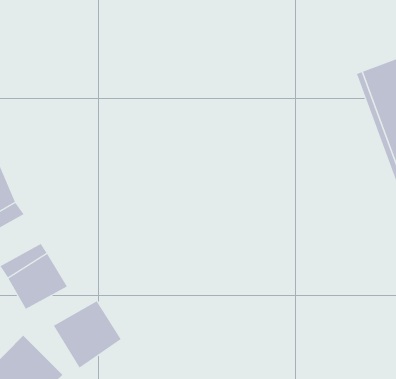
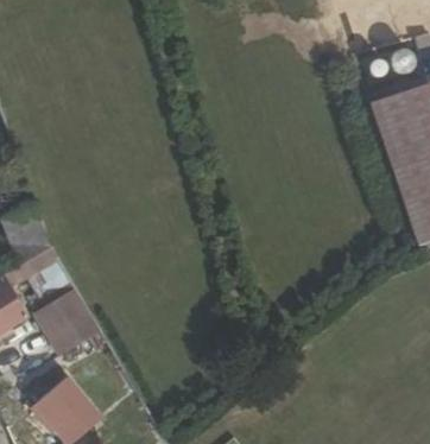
building: [53,301,121,368] -> none

